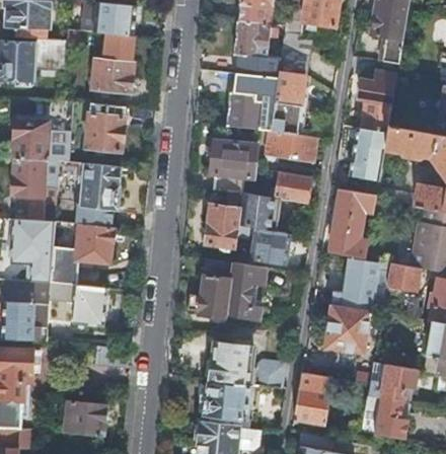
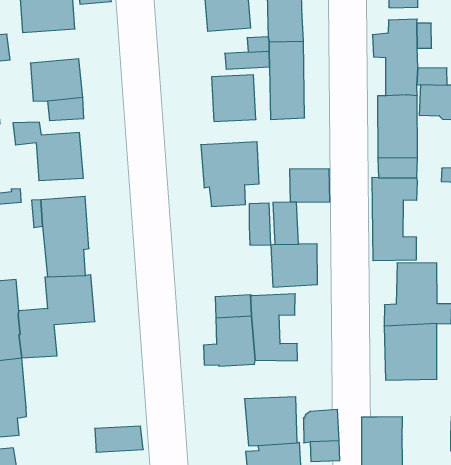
building: [268,131,318,160] -> none
building: [207,206,241,248] -> none
building: [47,282,108,326] -> none

